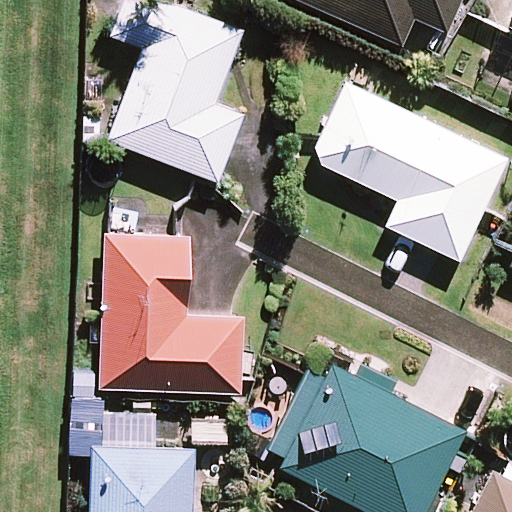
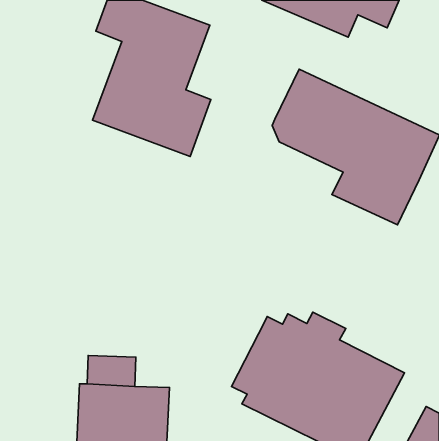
building: [101,233,244,394] -> none

